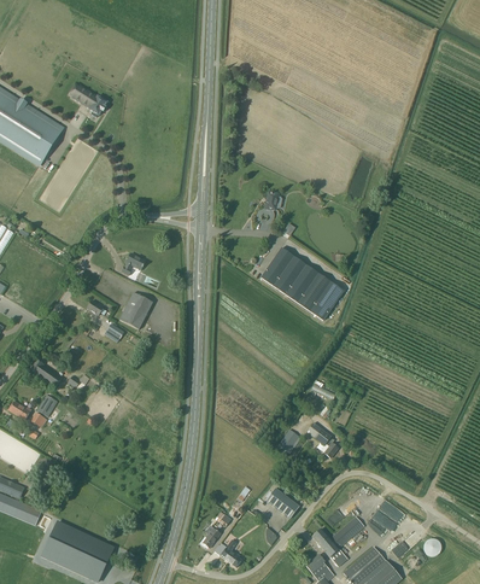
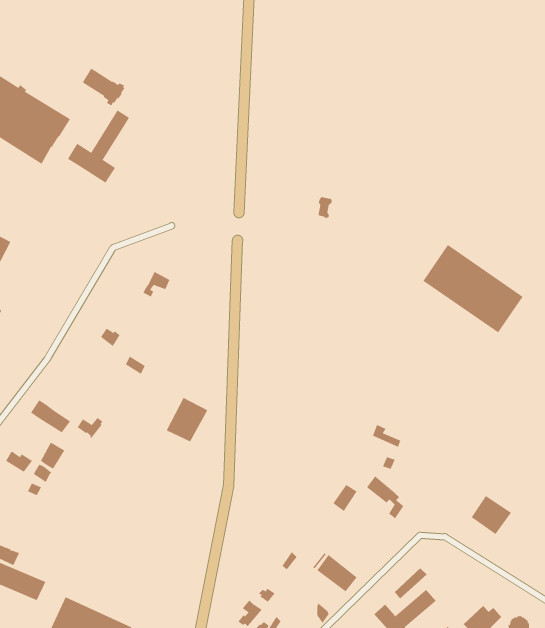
building: none -> [67,110,130,184]
building: [261,246,344,320] -> [423,244,523,333]
building: [118,291,153,328] -> [166,397,208,442]
building: [371,498,405,531] -> [471,495,512,535]

